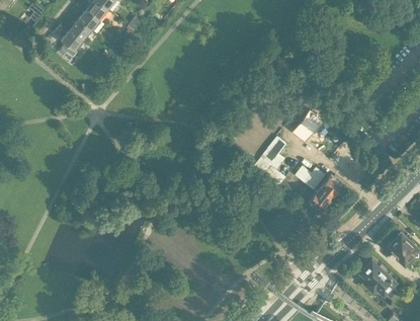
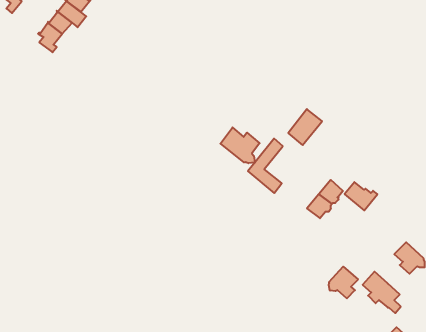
building: none -> [220,127,260,163]
building: [295,166,325,192] -> [345,182,377,210]
building: none -> [329,267,358,298]

